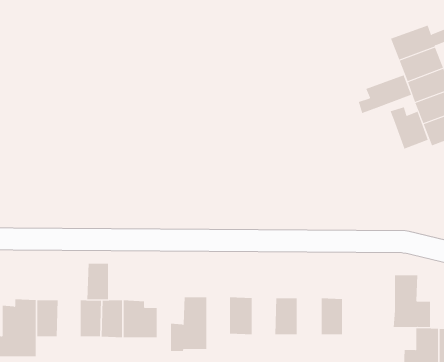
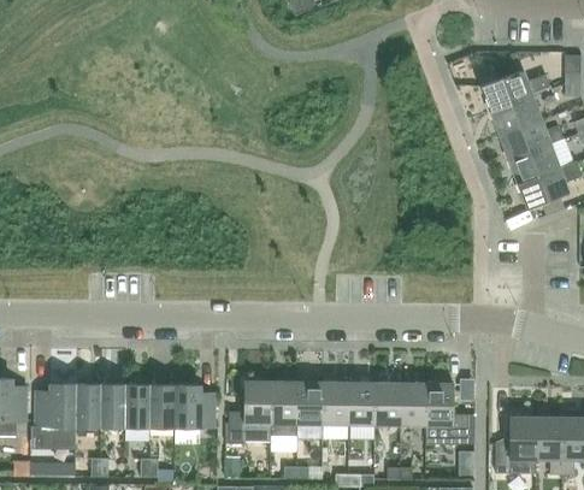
building: [358,74,412,114] -> none
building: [390,106,429,150] -> none
building: [87,263,109,300] -> [100,385,125,427]
building: [393,275,431,327] -> [425,384,468,444]
building: none -> [271,382,296,439]
building: none -> [323,383,349,425]
building: none -> [374,383,401,425]

